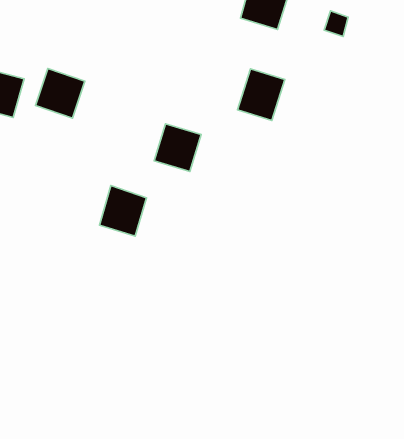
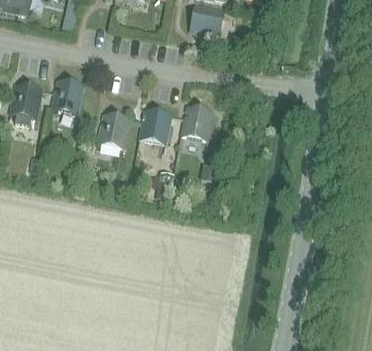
building: [238,69,285,121] -> [181,104,212,139]
building: [100,185,147,236] -> [99,111,130,145]

